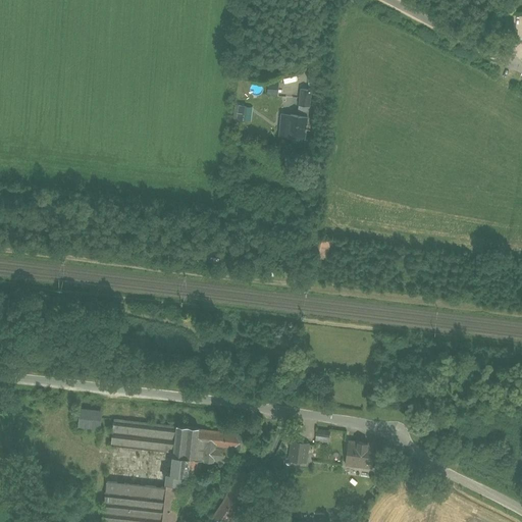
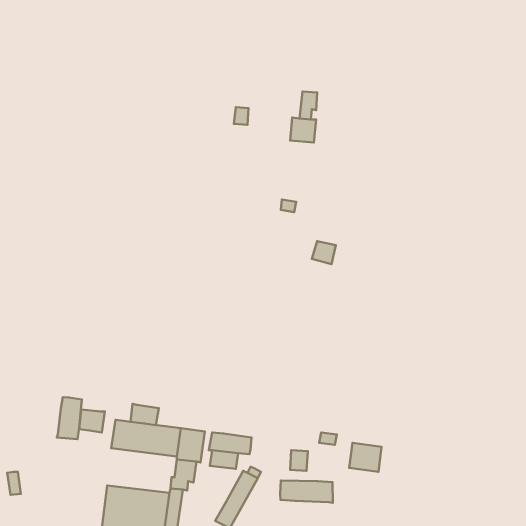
building: none -> [57,397,82,439]
building: none -> [131,404,159,425]
building: none -> [280,480,333,503]

